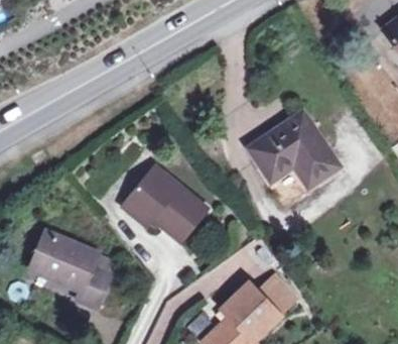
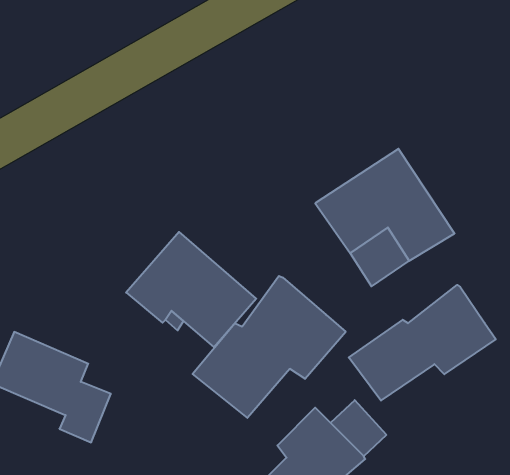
building: none -> [193,276,346,418]
building: none -> [349,285,496,401]

